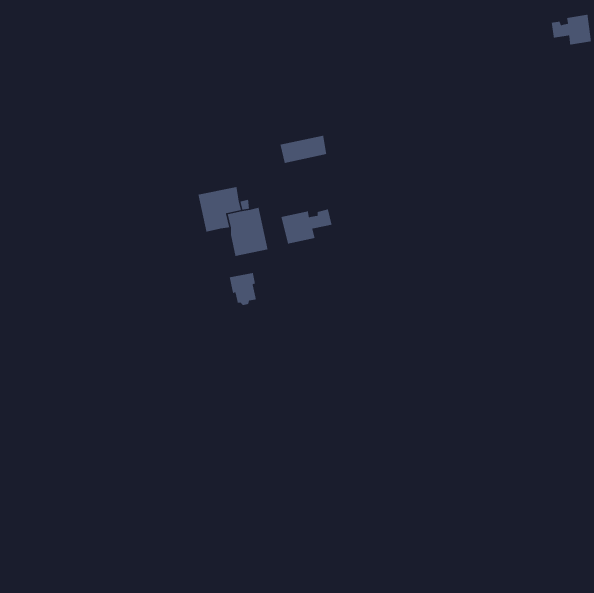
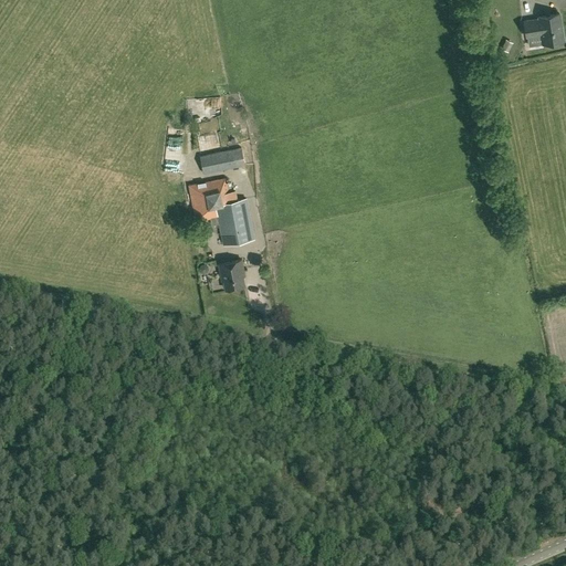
building: [280,135,327,164] -> [199,147,244,175]
building: [280,209,332,244] -> none

